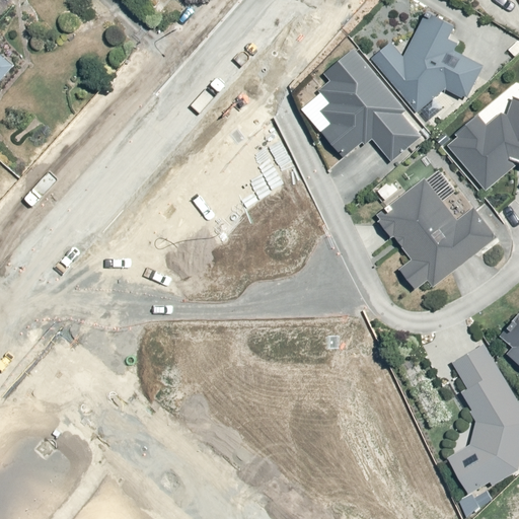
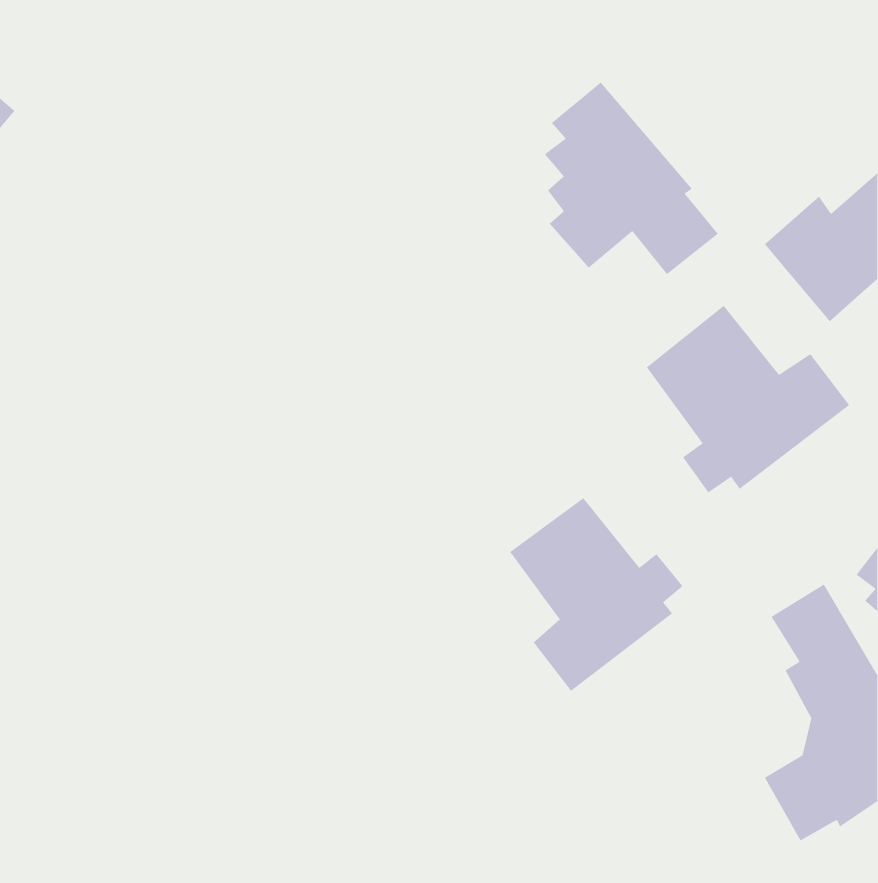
building: [371,14,481,112] -> none
building: none -> [509,497,683,692]

